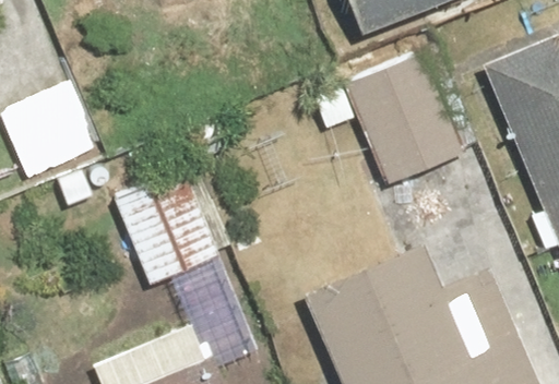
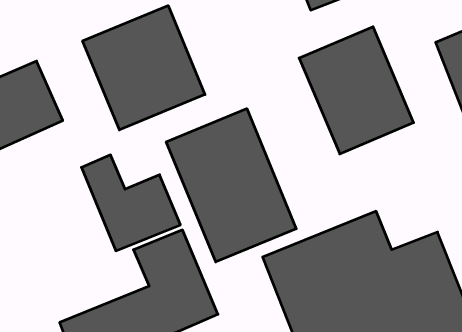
building: none -> [83,6,205,130]
building: none -> [166,109,296,262]

